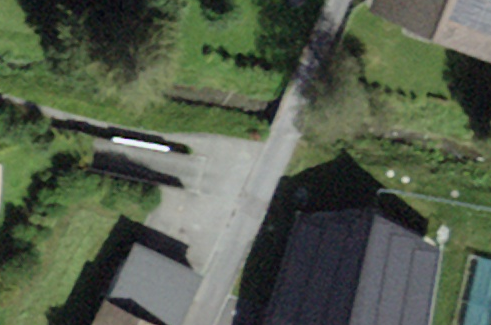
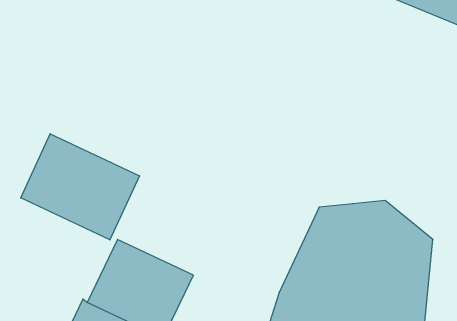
building: none -> [21,134,139,240]

